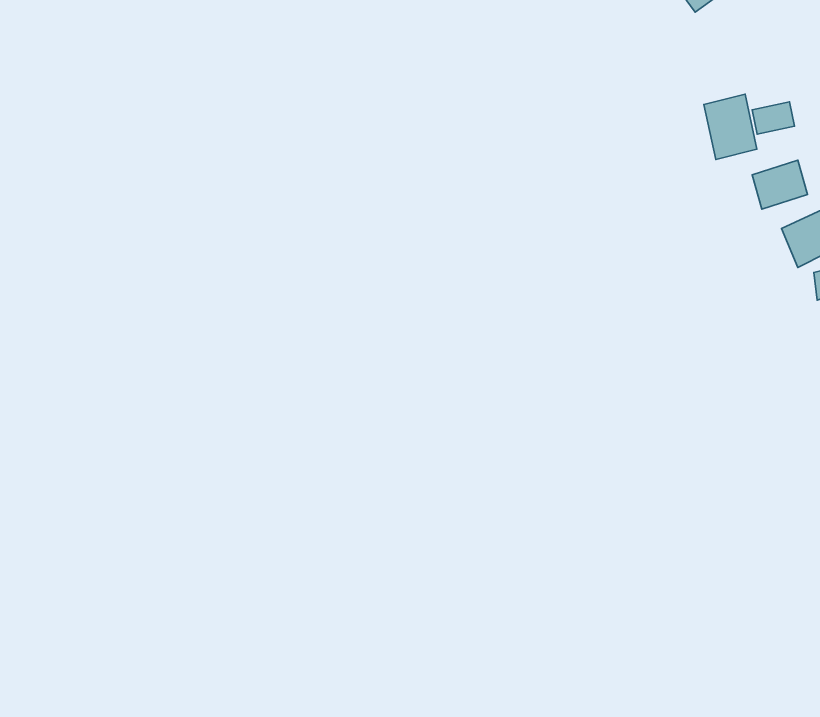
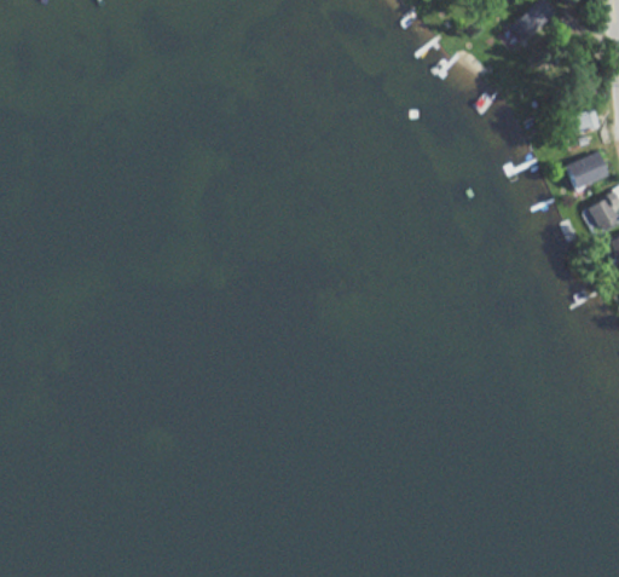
building: [704,94,757,160] -> none

